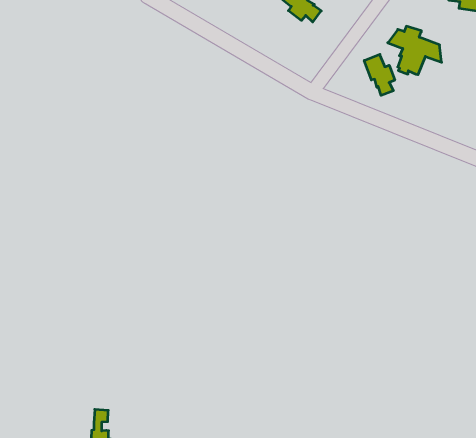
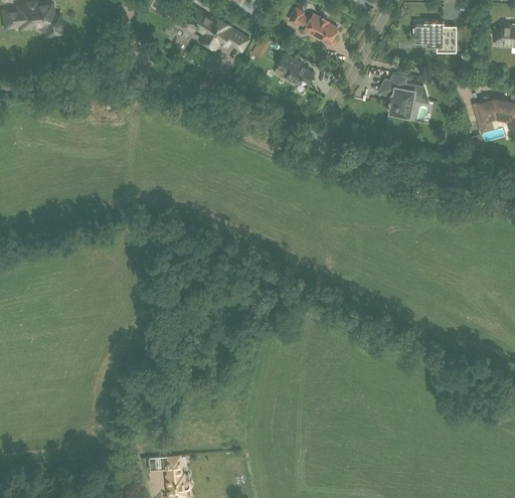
building: [364,54,395,95] -> none

